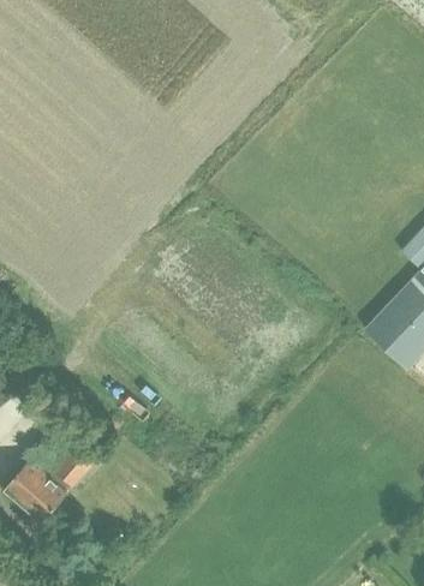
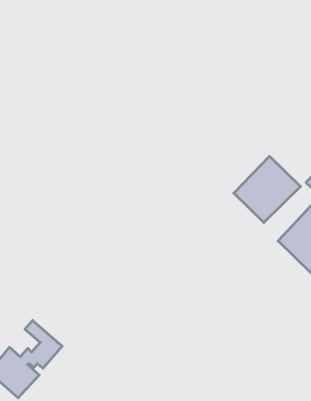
building: none -> [234,156,301,223]

